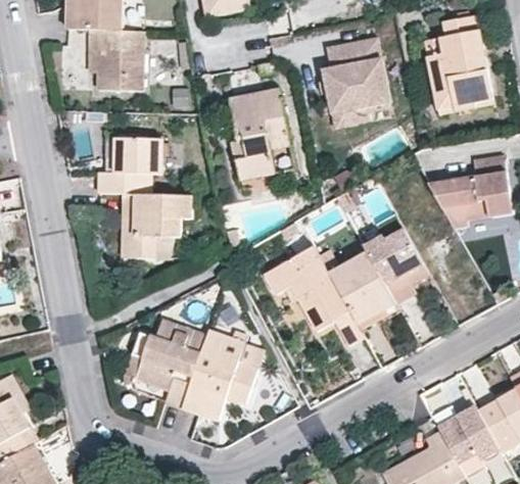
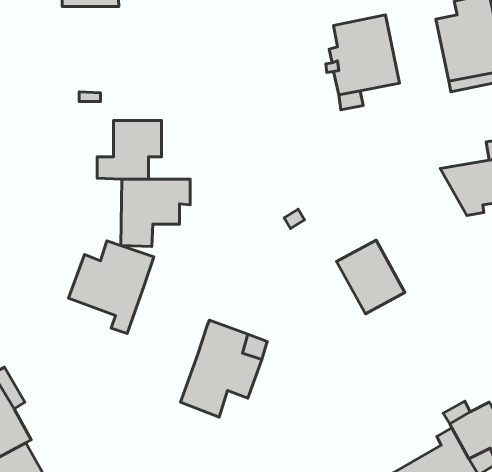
building: [89,29,143,90] -> none
building: [228,90,288,180] -> none
building: [364,231,427,302] -> none
building: [265,245,364,344] -> none
building: [124,319,205,407] -> [68,241,154,334]

